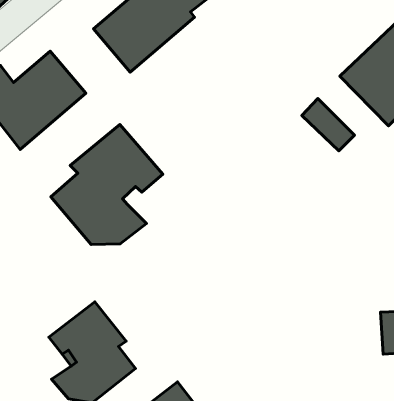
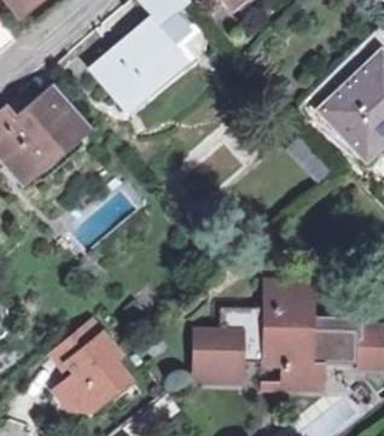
building: [51,124,163,244] -> none
building: none -> [197,292,338,386]

